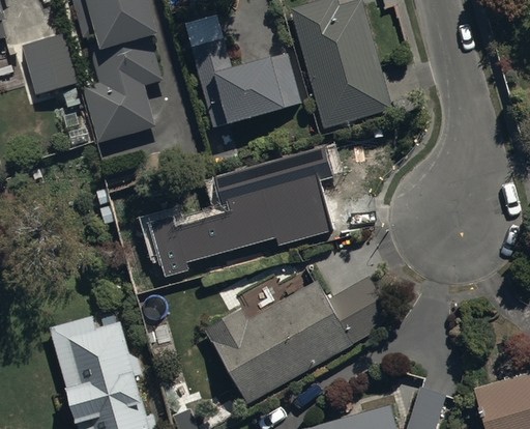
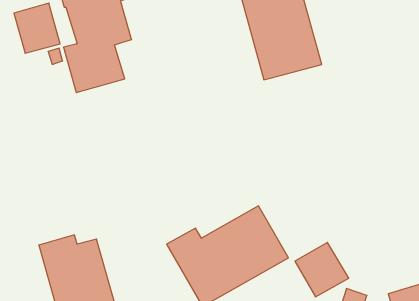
building: [189,34,302,127] -> none
building: [149,150,332,280] -> none
building: [330,275,395,341] -> [295,242,349,297]

